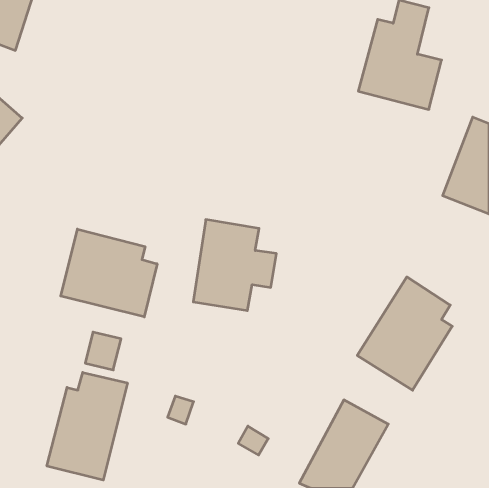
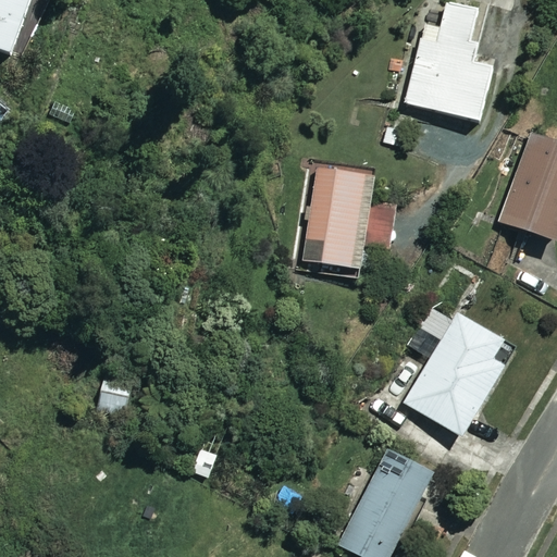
building: [193,220,276,311] -> [301,169,395,271]
building: [61,229,157,317] -> none
building: [47,372,127,480] -> none

